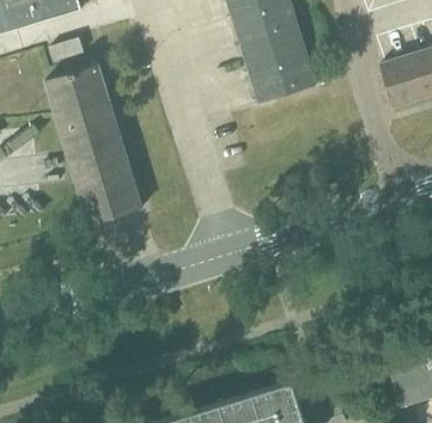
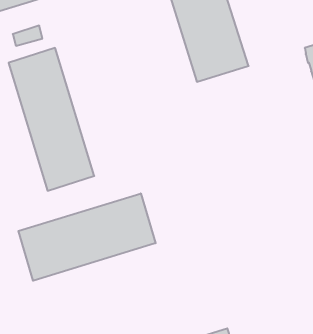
building: none -> [18,193,156,281]

